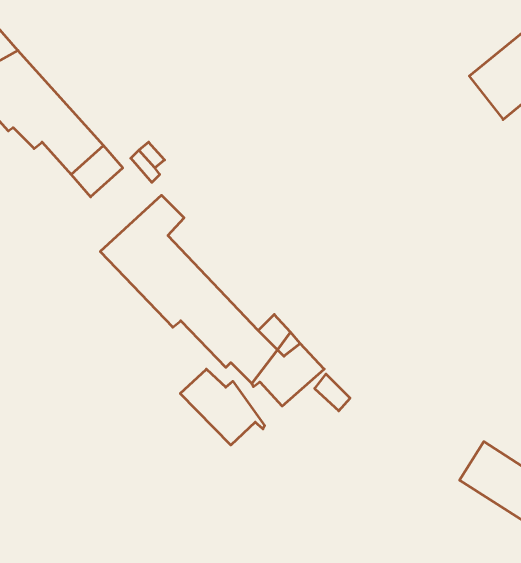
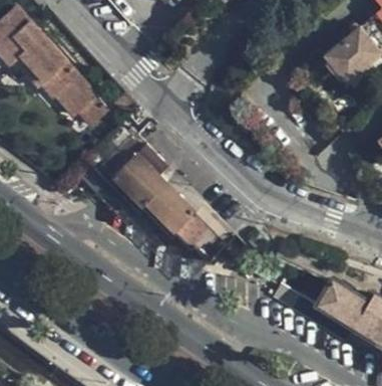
building: [180,369,265,445] -> none

